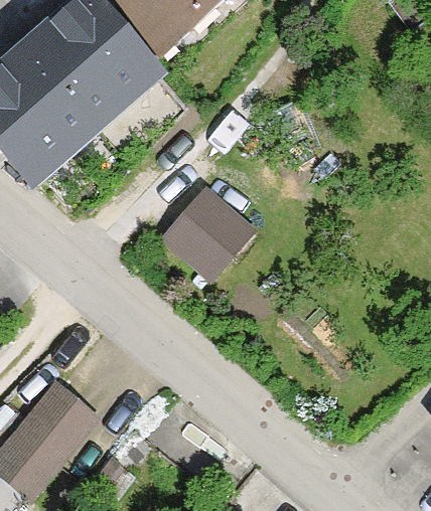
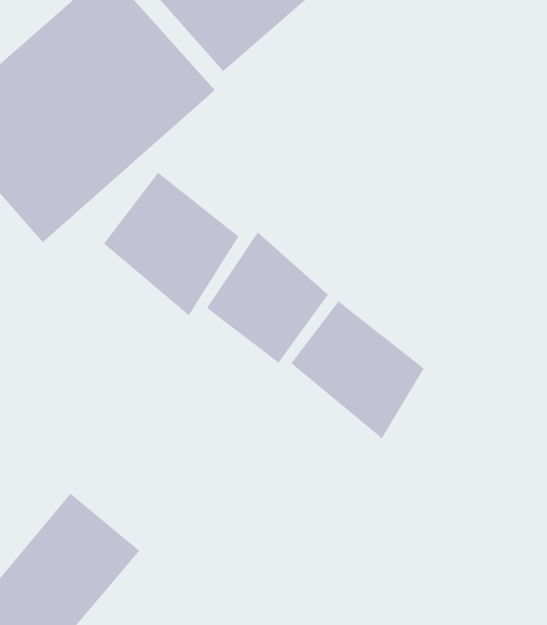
building: none -> [103,172,239,316]
building: none -> [291,300,425,439]

